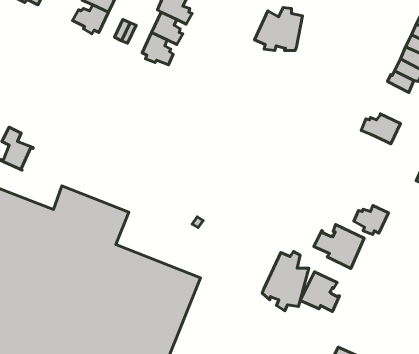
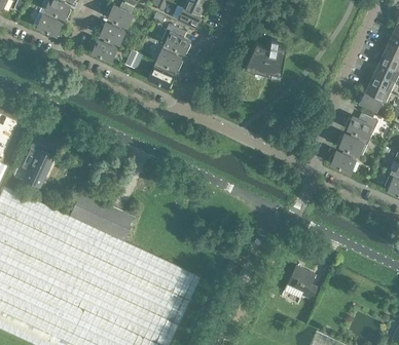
building: none -> [342,114,376,140]
building: [354,206,388,234] -> [327,149,357,174]
building: [314,225,364,269] -> none
building: [262,251,309,311] -> none

